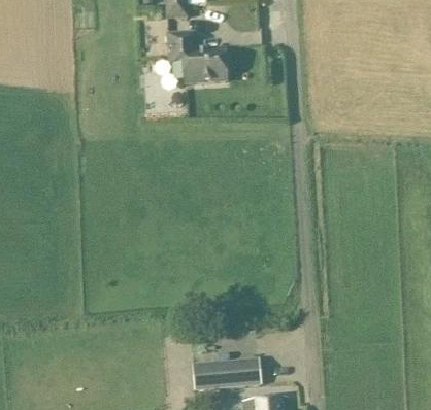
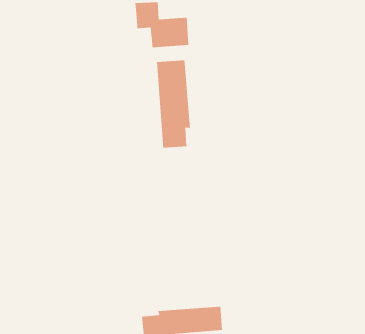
building: none -> [156,59,191,148]

